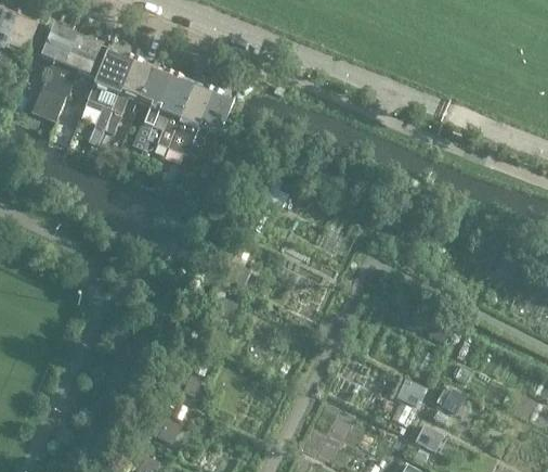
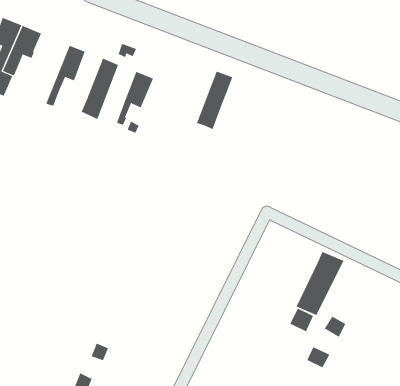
building: [87,52,131,128] -> none
building: [131,68,171,152] -> none
building: [167,85,211,155] -> [196,71,233,130]
building: none -> [296,251,344,316]

